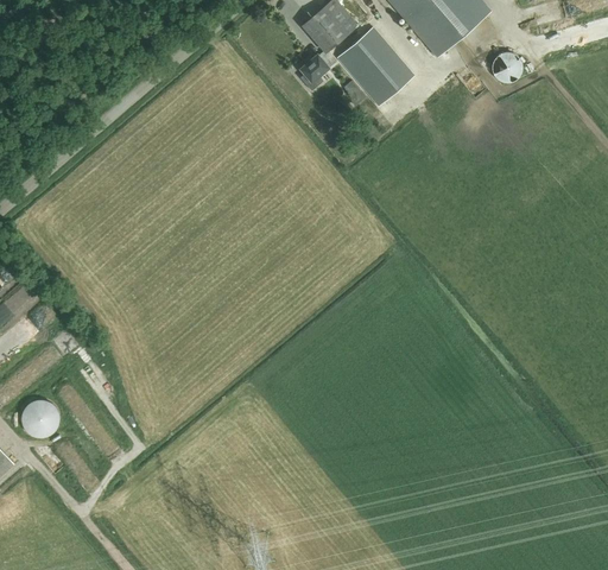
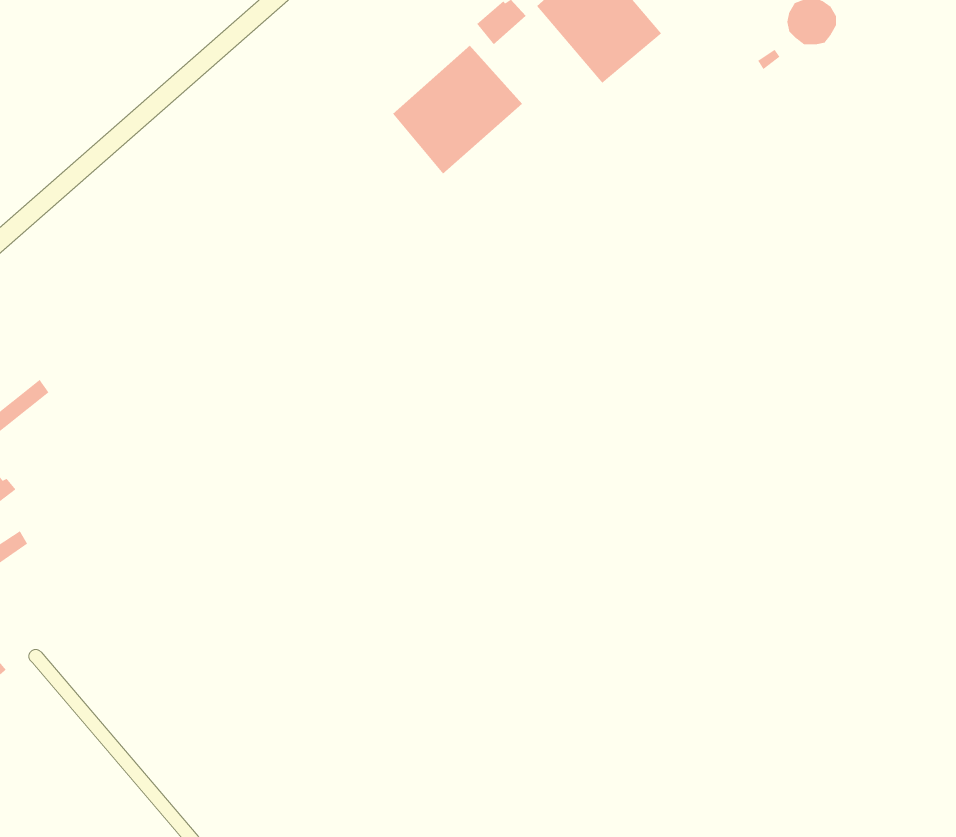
building: none -> [392,45,523,175]
building: [19,399,58,437] -> none

